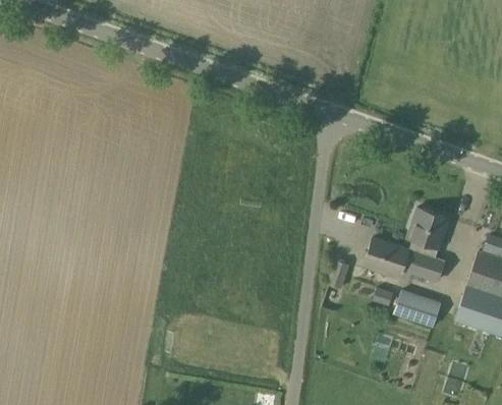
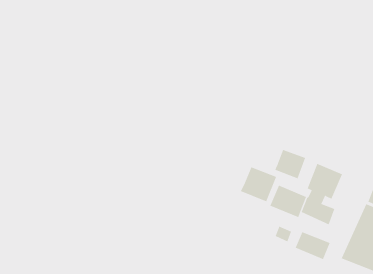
building: none -> [274,149,306,179]
building: none -> [240,166,277,202]

